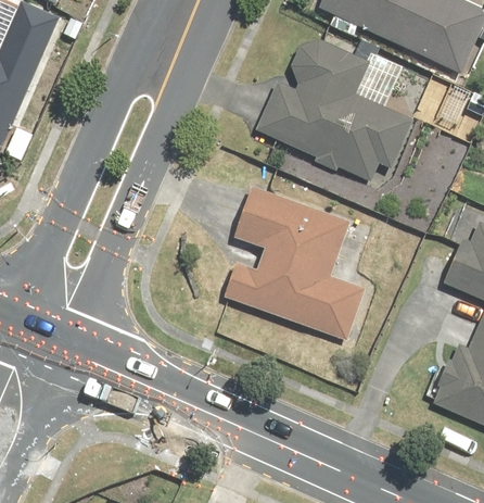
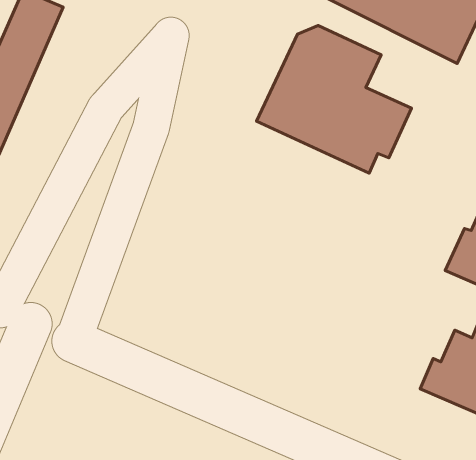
building: [229,185,369,343] -> none

